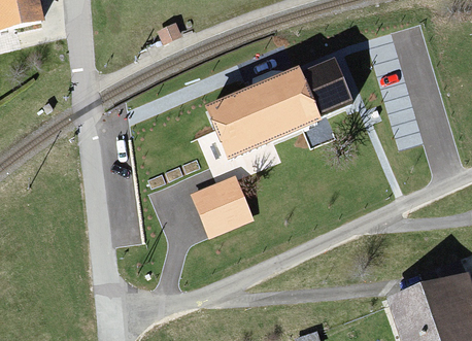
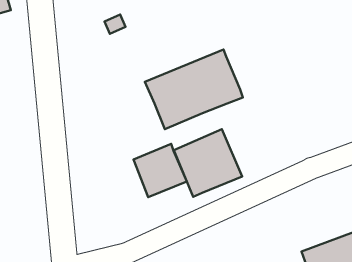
building: [300,58,349,110] -> none
building: none -> [174,129,242,197]

